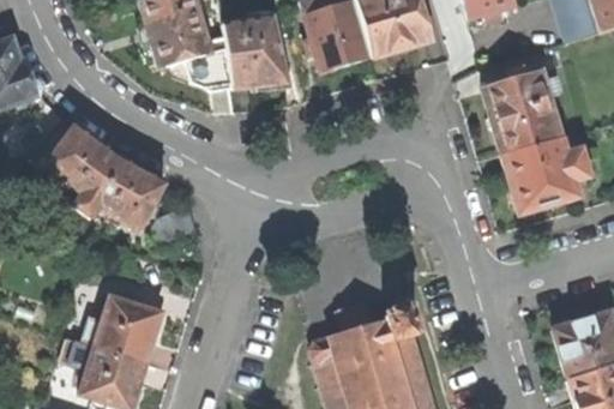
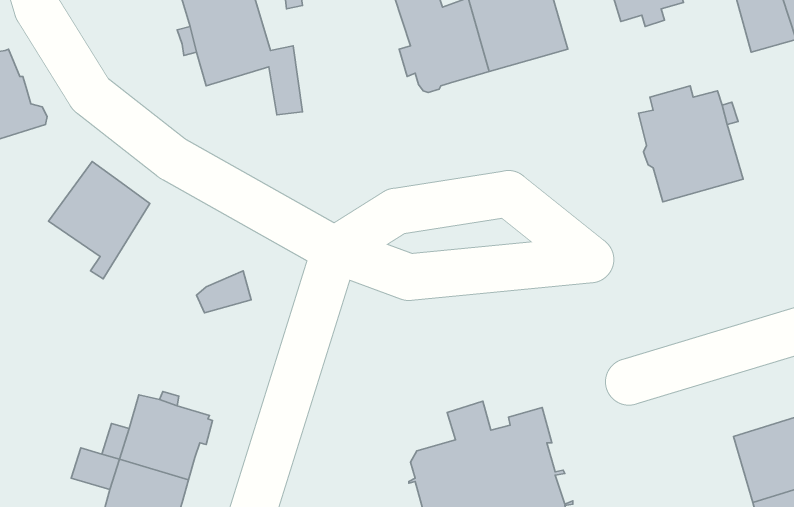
building: [223,10,287,89] -> none
building: [501,137,590,212] -> none
building: [84,155,167,229] -> none

